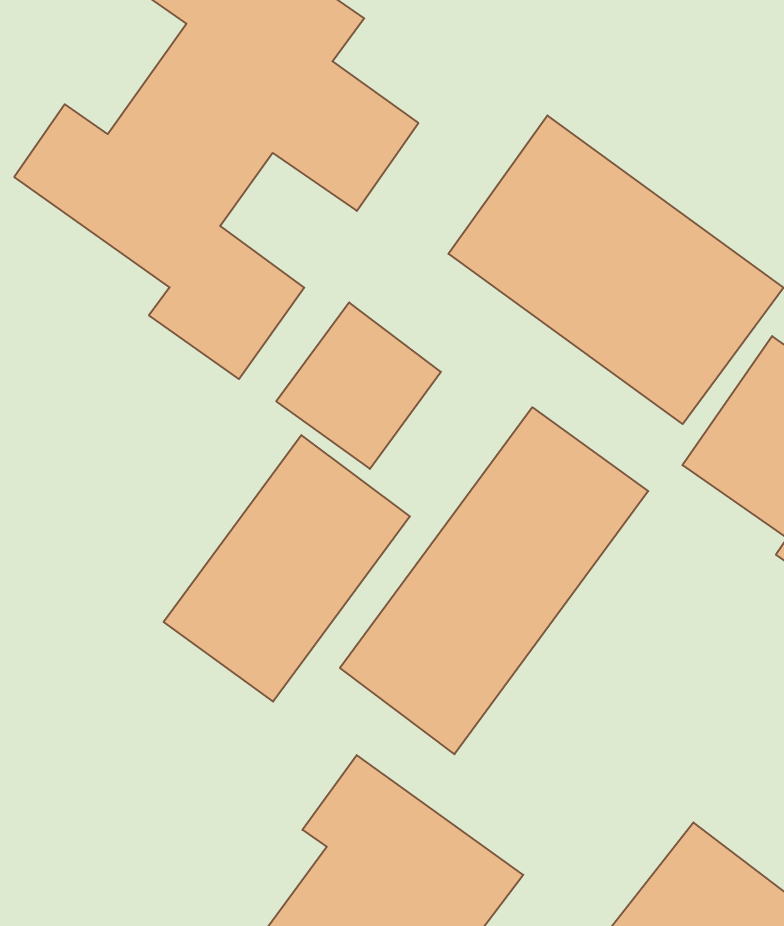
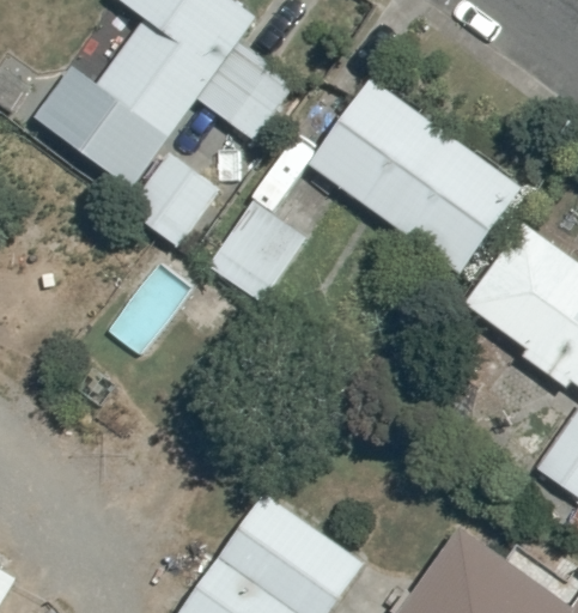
building: [340,407,648,754] -> none
building: [164,435,410,702] -> none

